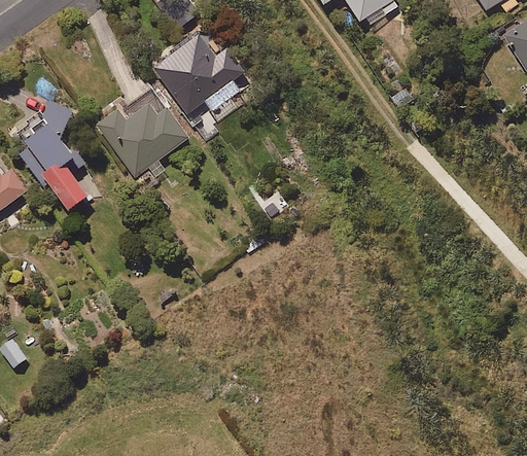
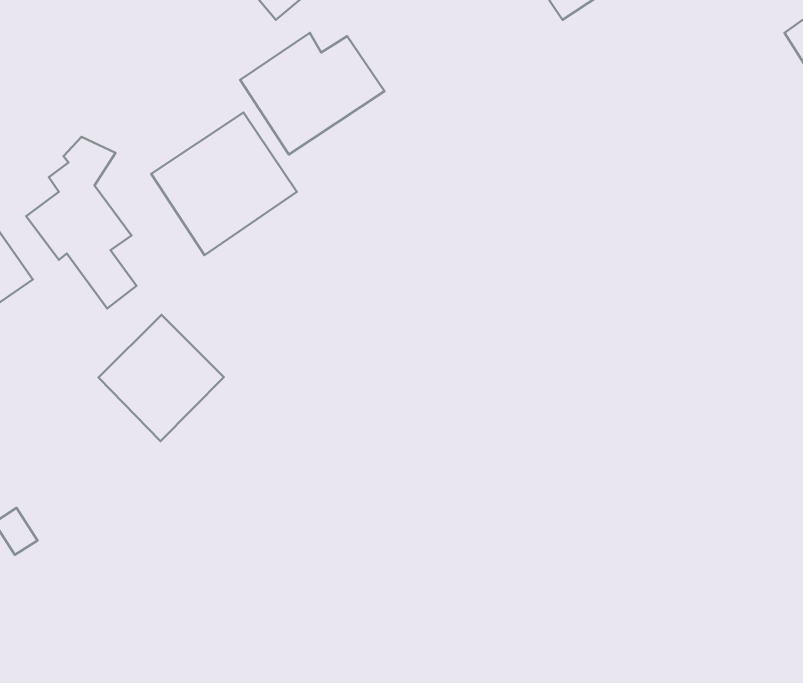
building: none -> [99,315,224,441]

